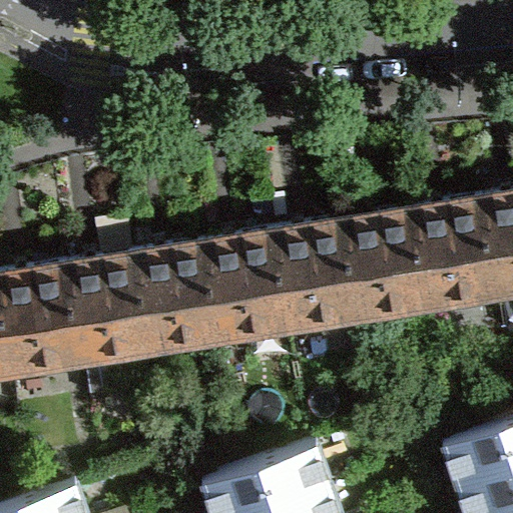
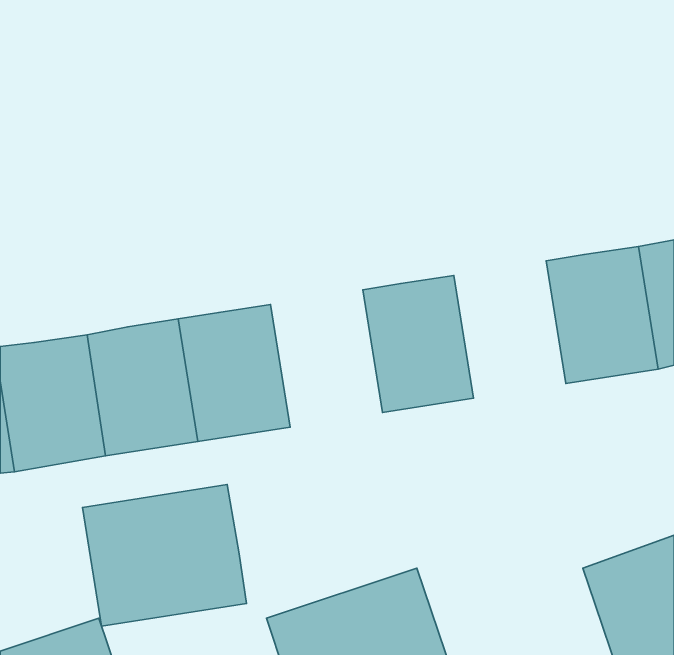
building: [345,212,430,317] -> none
building: [205,234,291,339] -> none
building: none -> [82,485,246,626]

